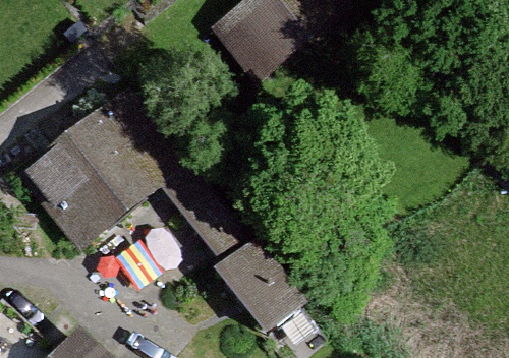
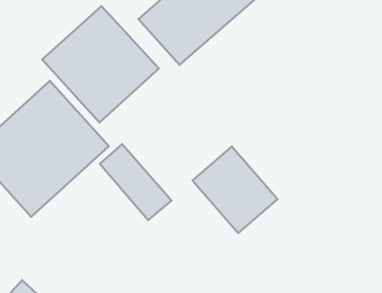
building: none -> [42,6,159,122]
building: [211,236,307,335] -> [193,146,277,233]

